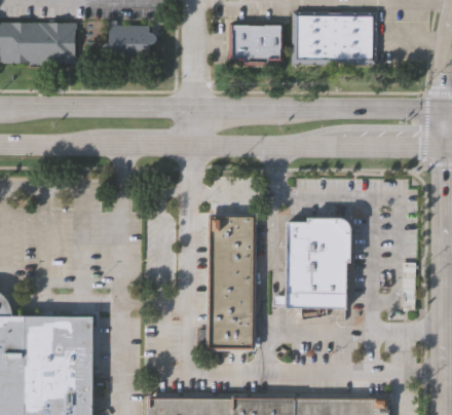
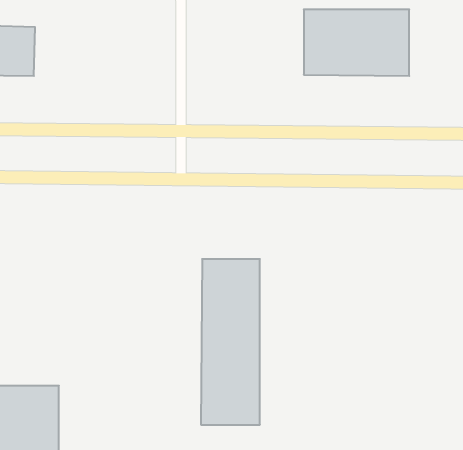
building: [231,22,286,65] -> none
building: [101,26,154,63] -> none
building: [284,219,351,310] -> none

